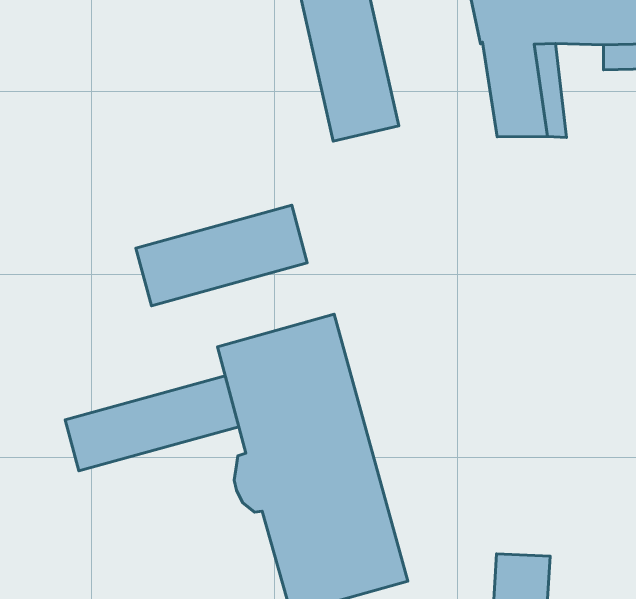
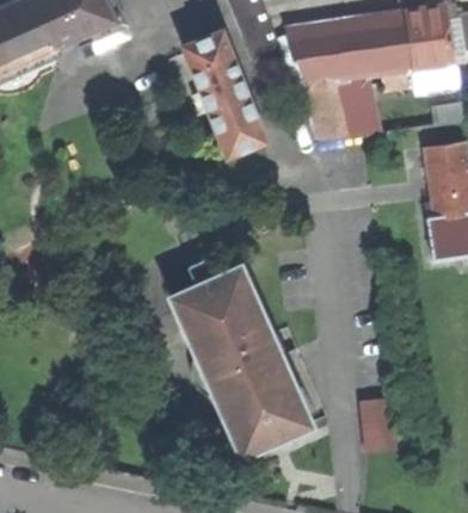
building: [136,205,307,306] -> none
building: [65,376,239,471] -> none

